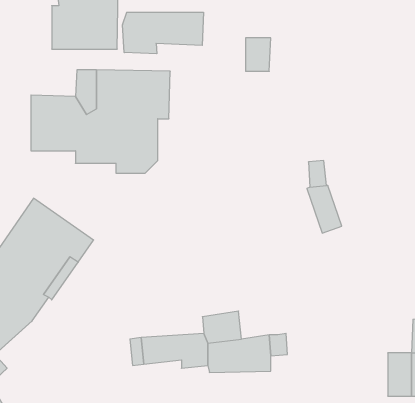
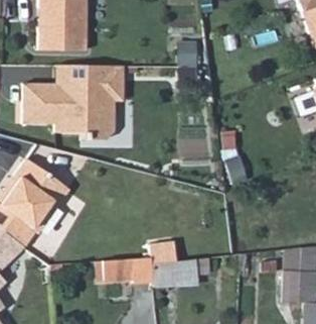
building: [123,12,203,54] -> none

